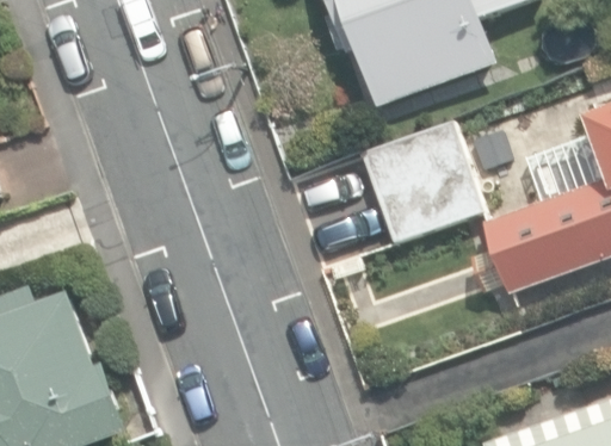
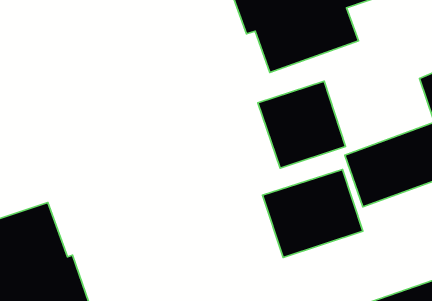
building: none -> [262,170,363,257]

